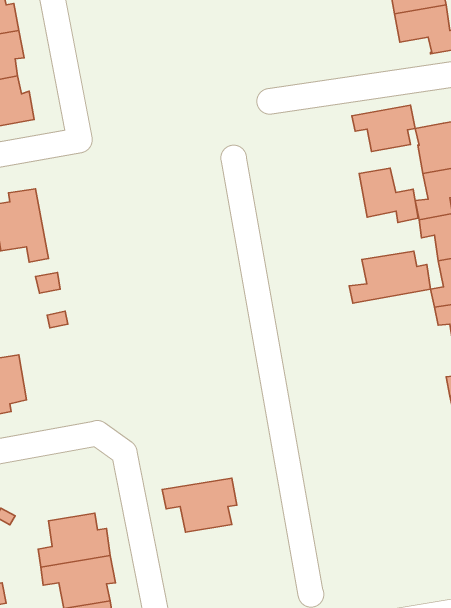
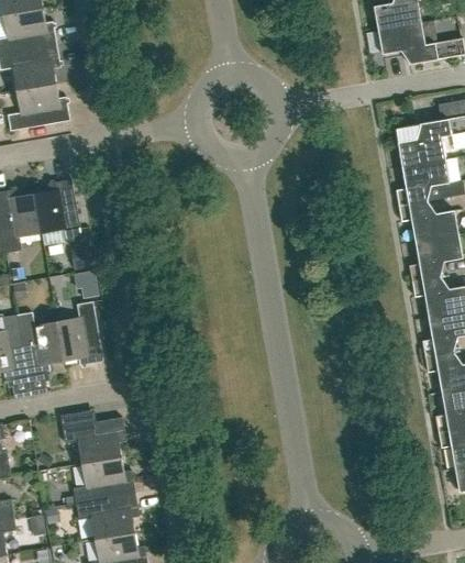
building: [352,105,415,151] -> none
building: [359,168,418,223] -> none
building: [349,251,431,303] -> none
building: none -> [56,301,102,365]
building: [162,478,237,532] -> [62,417,125,463]

